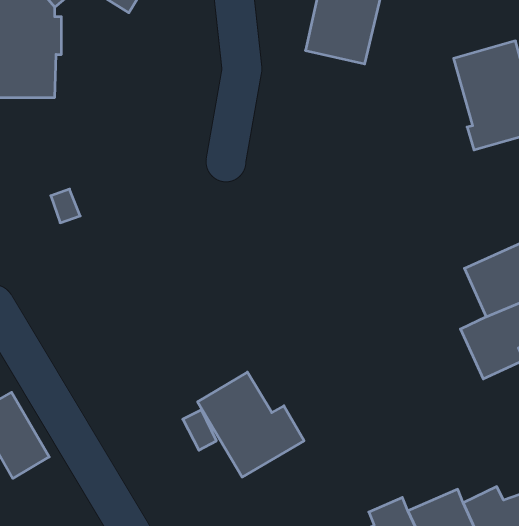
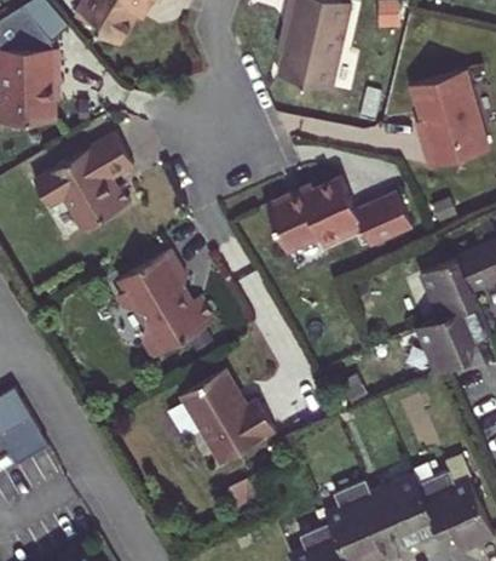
building: none -> [45,134,133,224]
building: none -> [264,177,410,256]
building: none -> [116,251,213,360]

